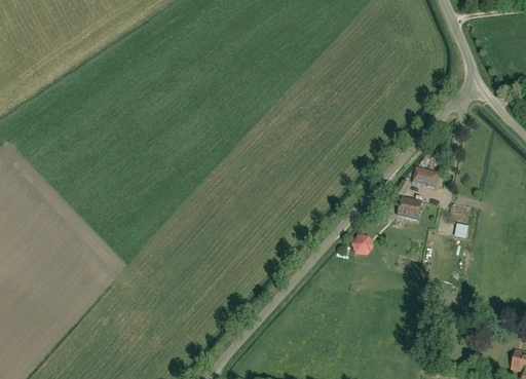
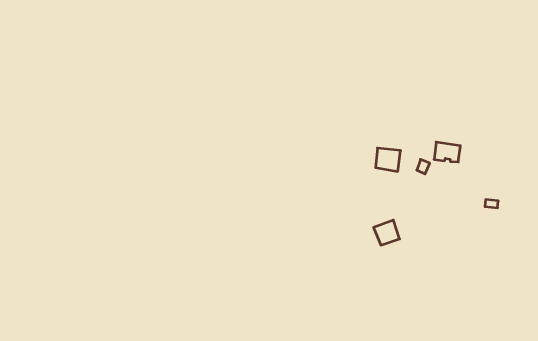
building: [398,196,421,219] -> [376,148,401,171]

